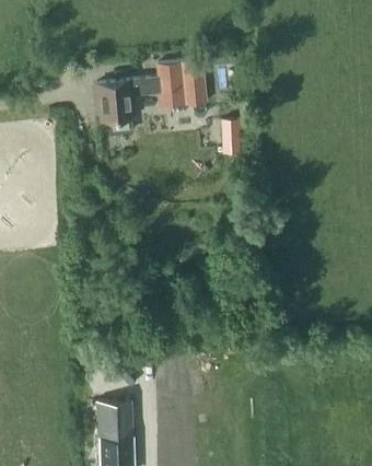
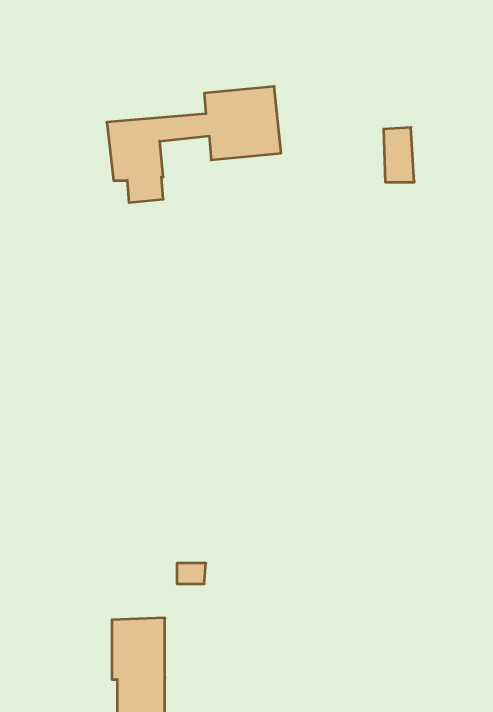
building: [220,118,240,153] -> [384,127,414,182]

